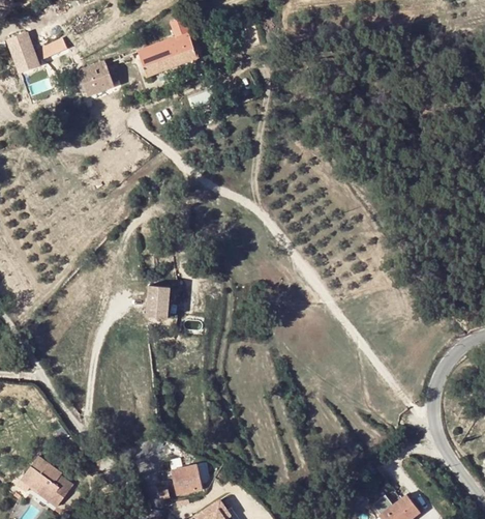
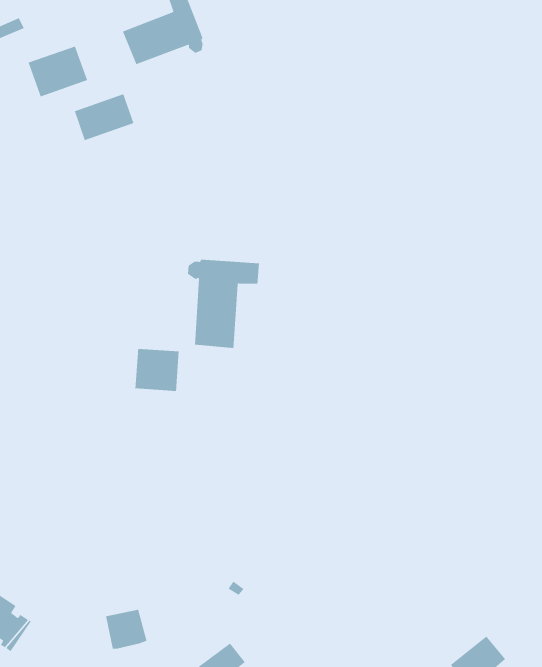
building: none -> [74,93,134,141]
building: none -> [187,259,260,349]
building: [172,467,203,497] -> [105,609,147,650]

